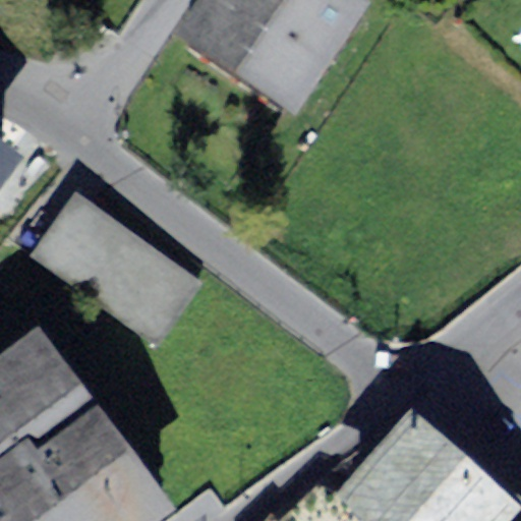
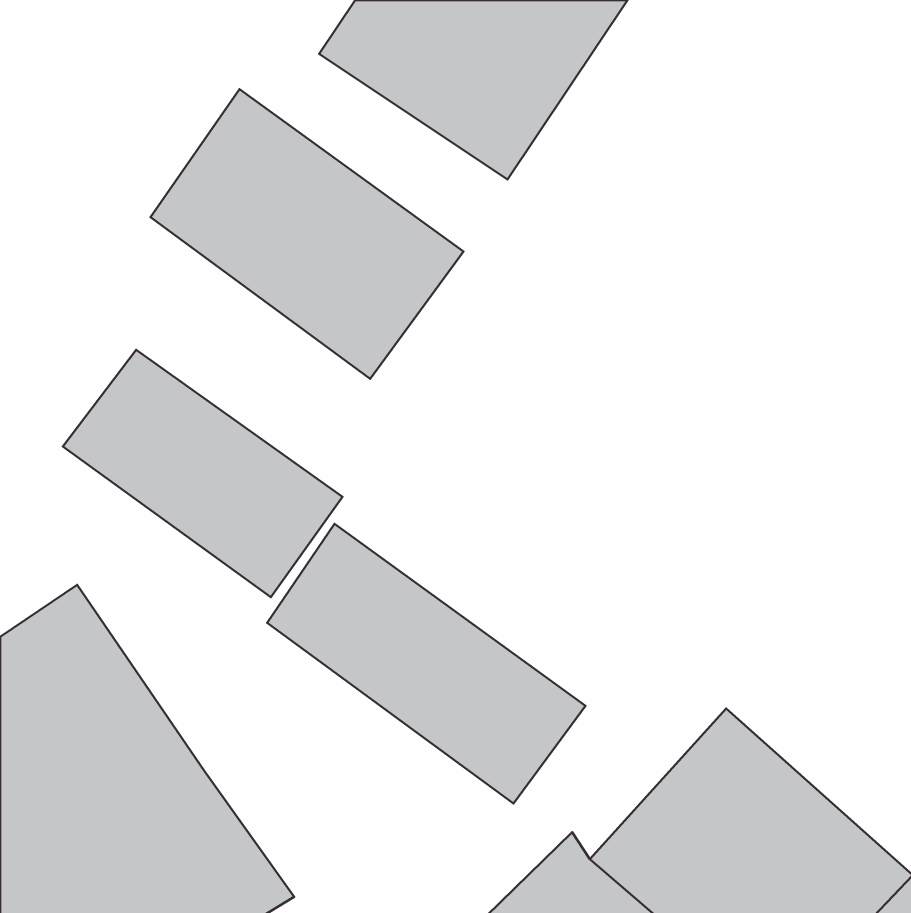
building: none -> [151,89,463,379]
building: none -> [267,524,586,804]

